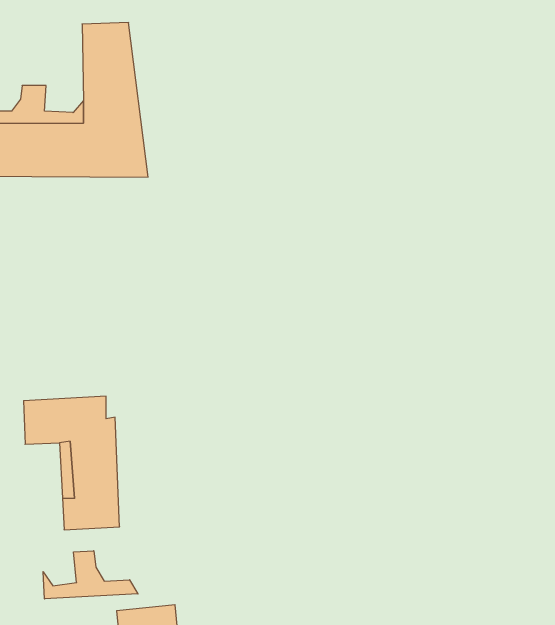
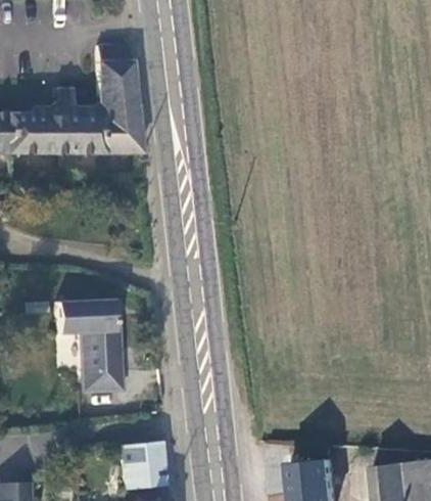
building: [43,551,138,599] -> none

